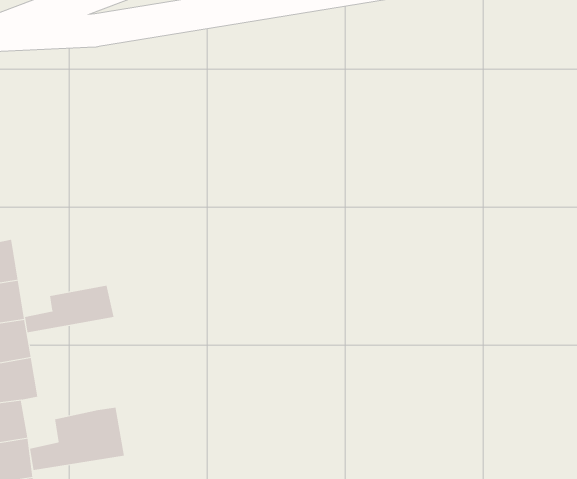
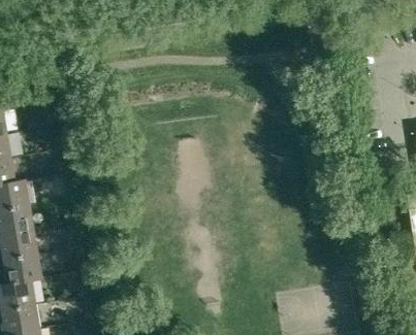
building: [24,285,114,333] -> none
building: [30,407,124,471] -> none

